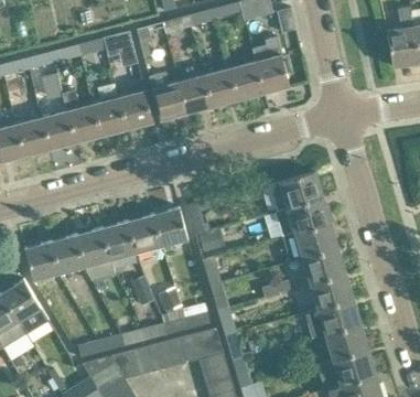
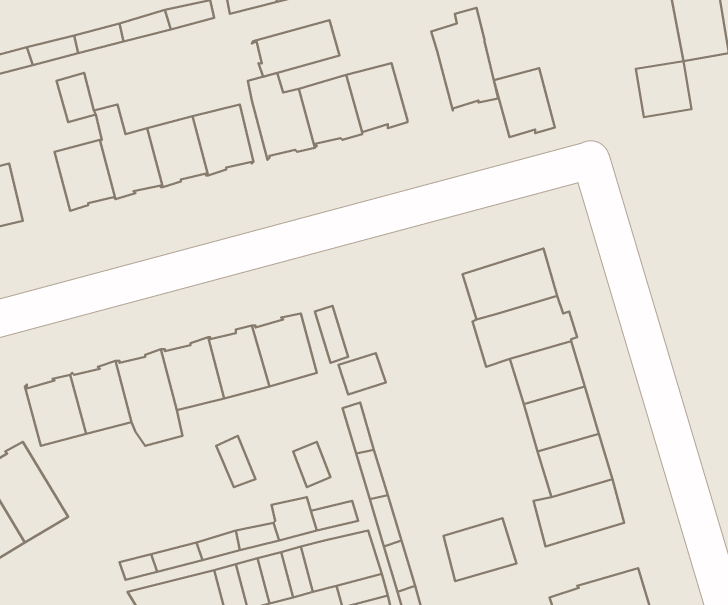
building: none -> [252,20,340,77]
building: [229,61,263,99] -> [494,68,555,137]
building: none -> [636,61,692,117]
building: [15,117,50,157] -> none
building: [326,324,367,360] -> [443,518,516,581]

